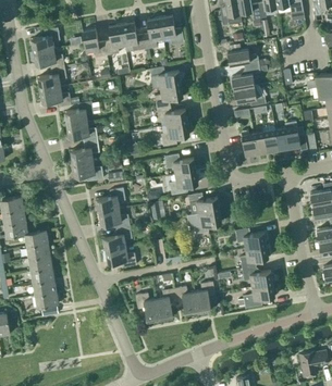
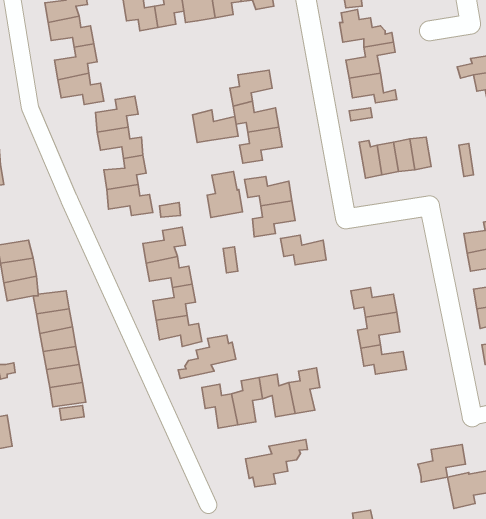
building: [150,67,181,89] -> [192,110,238,143]
building: [285,122,307,152] -> none
building: none -> [207,172,242,218]
building: [187,211,221,235] -> none
building: none -> [178,335,236,379]
building: [243,284,274,309] -> [418,445,465,482]
building: none -> [246,440,307,487]

